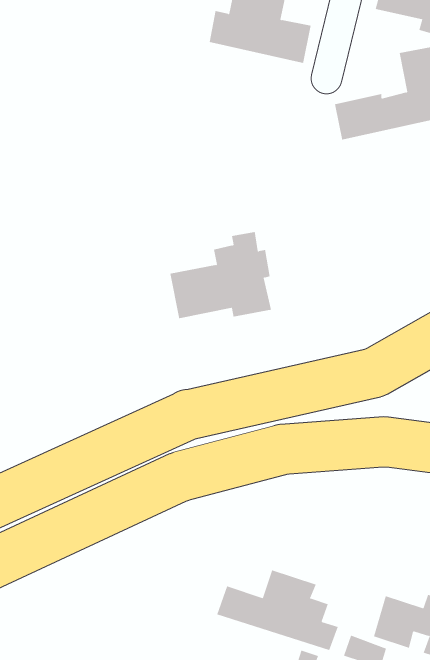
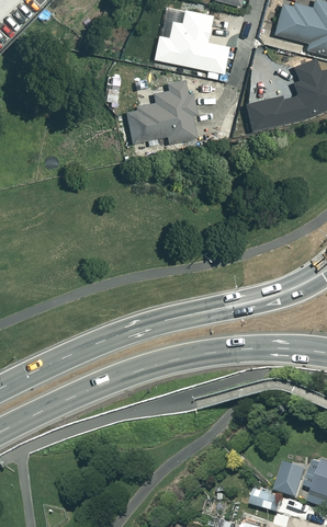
building: [169,231,272,319] -> [123,80,198,144]
building: [216,569,338,651] -> none

